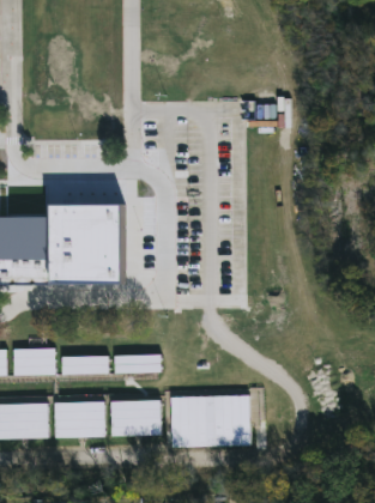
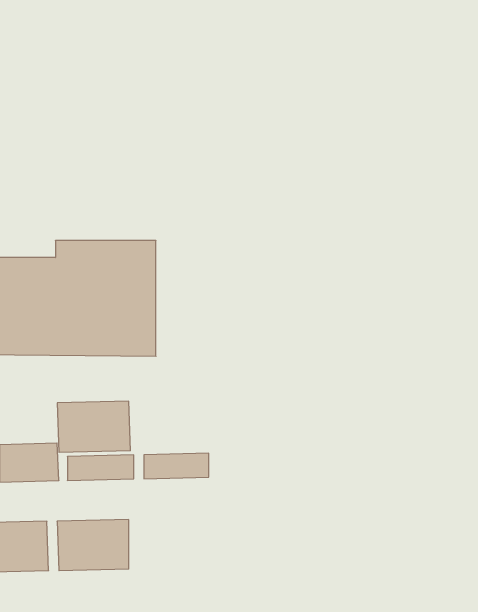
building: [171,395,250,447] -> none
building: [110,400,162,436] -> [57,401,130,452]

